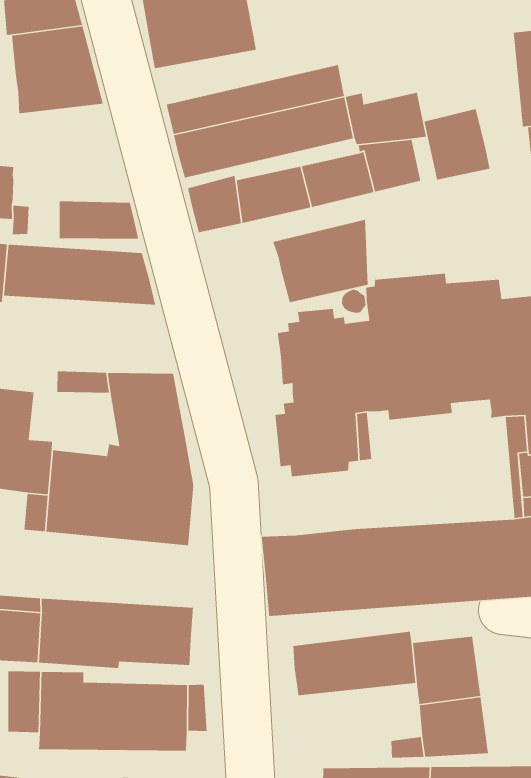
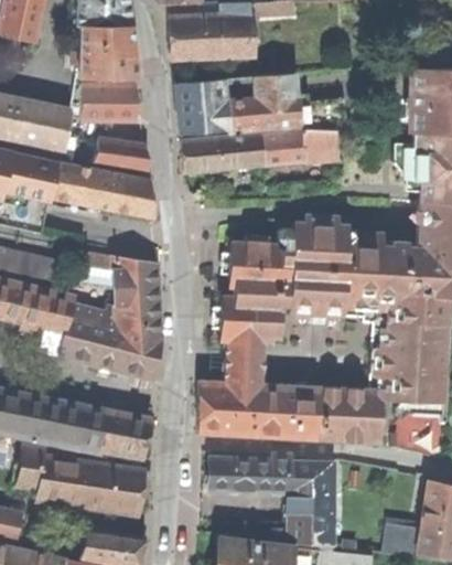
building: [424,108,491,181] -> none
building: none -> [79,85,136,120]
building: [272,219,369,303] -> none
building: none -> [224,343,265,383]

